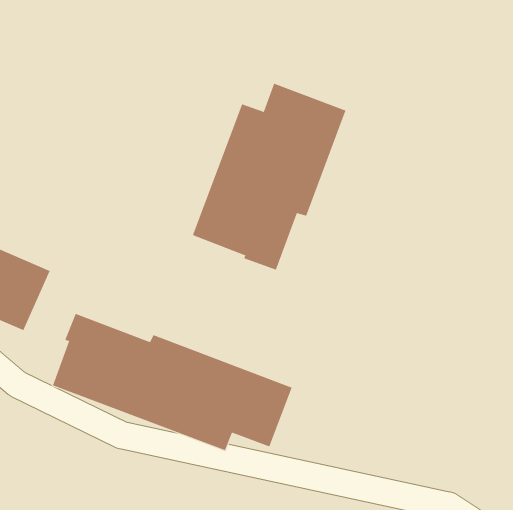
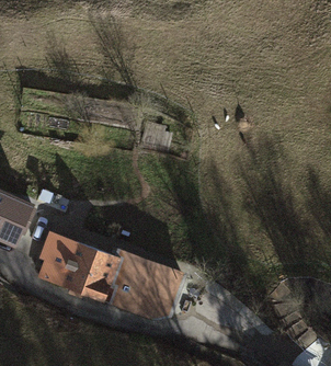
building: [192,83,346,270] -> none

